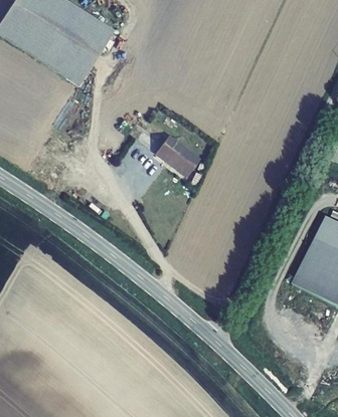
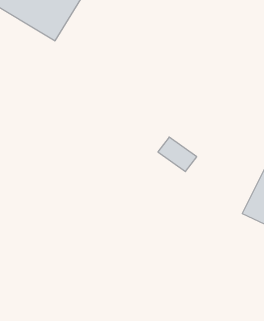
building: [155,134,200,174] -> [158,137,197,172]

